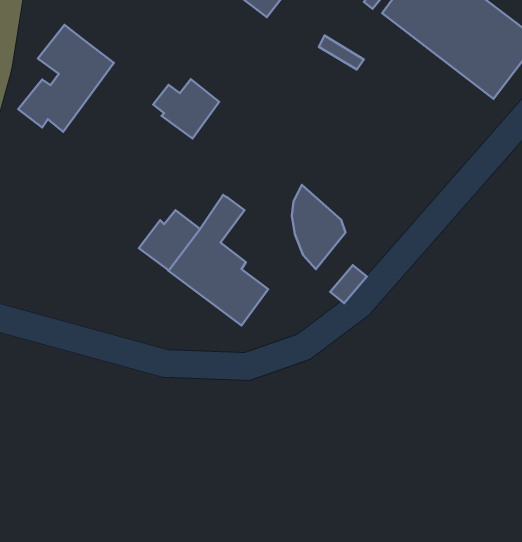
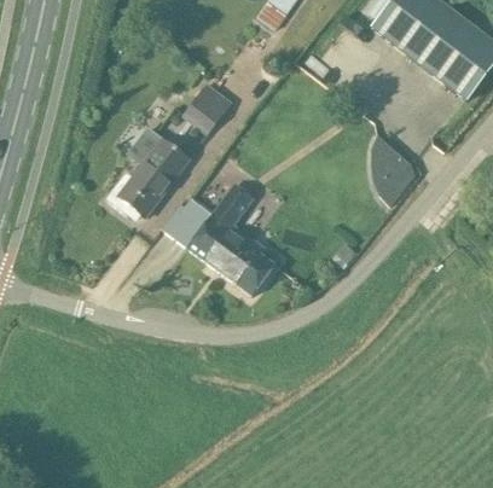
building: [18,25,114,132] -> [106,126,188,217]
building: [292,185,345,269] -> [369,133,414,205]

